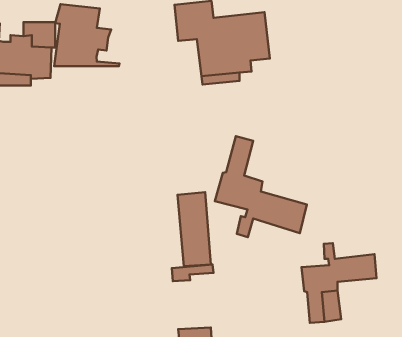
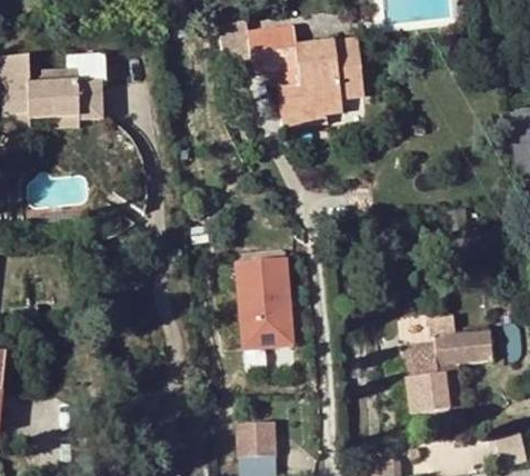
building: [54,4,119,66] -> none
building: [215,136,307,237] -> none

